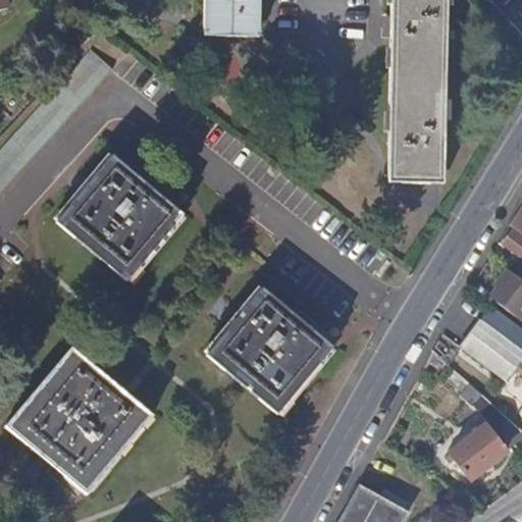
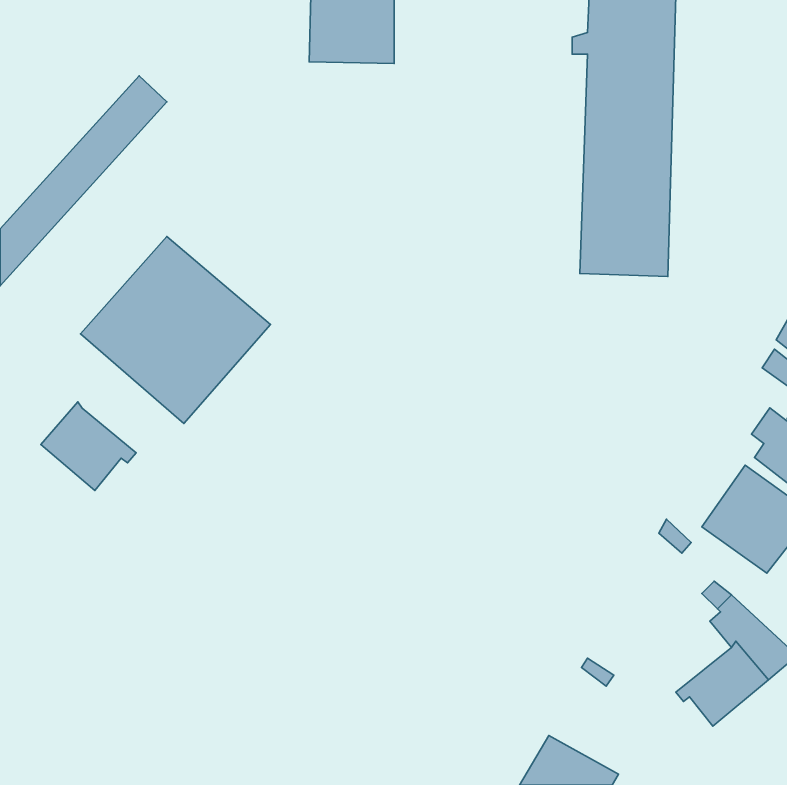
building: none -> [41,402,136,491]
building: [202,285,332,413] -> none
building: [14,352,152,490] -> none

